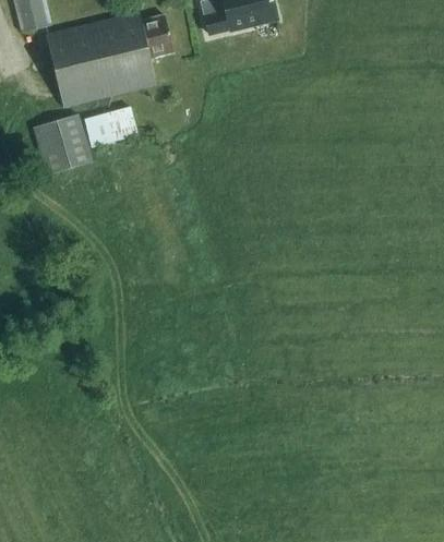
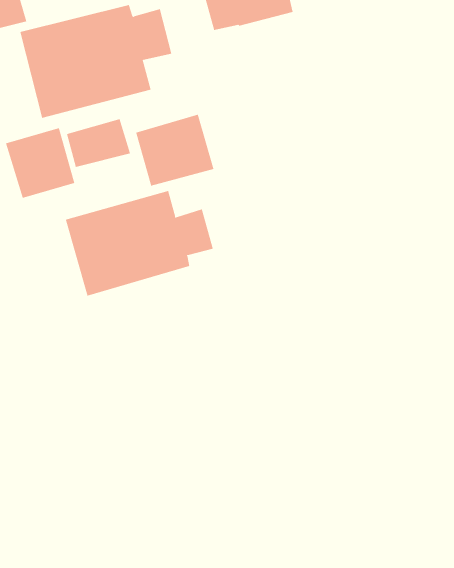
building: none -> [136,114,214,187]
building: none -> [65,190,214,296]

